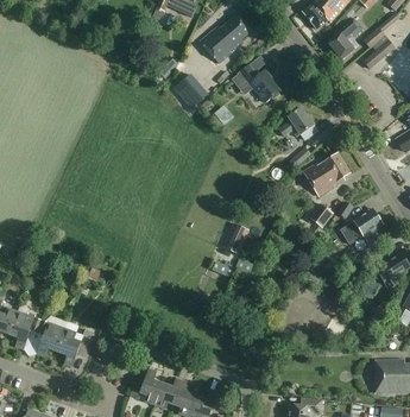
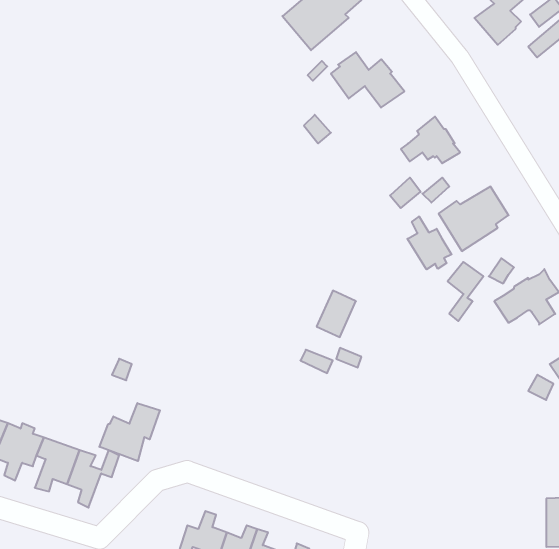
building: [174,72,208,108] -> none
building: none -> [407,216,452,269]
building: none -> [99,403,160,461]

